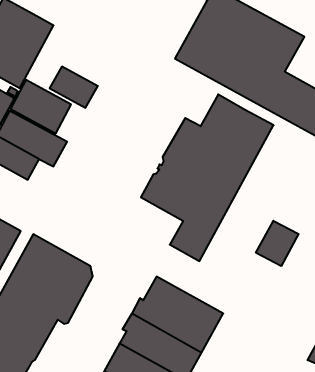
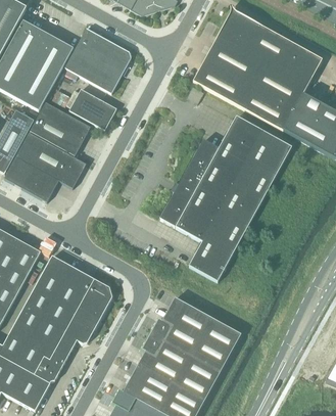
building: none -> [64,28,131,92]
building: [256,221,299,266] -> none

